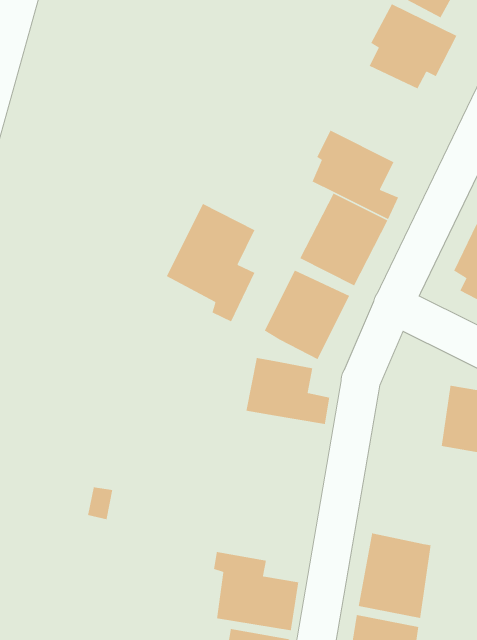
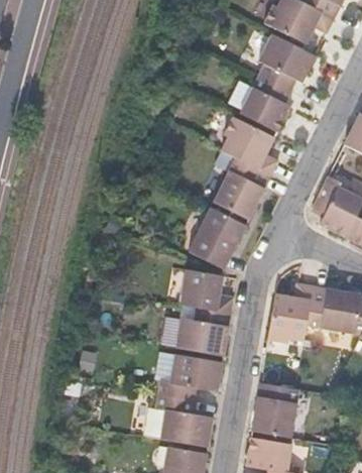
building: none -> [239,76,291,132]
building: [166,203,255,323] -> none
building: none -> [267,282,312,343]
building: none -> [173,305,230,354]
building: none -> [158,352,222,399]

